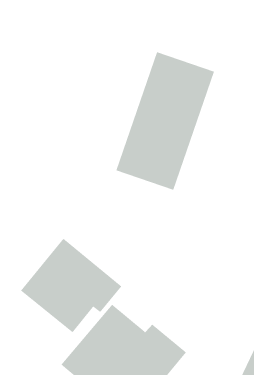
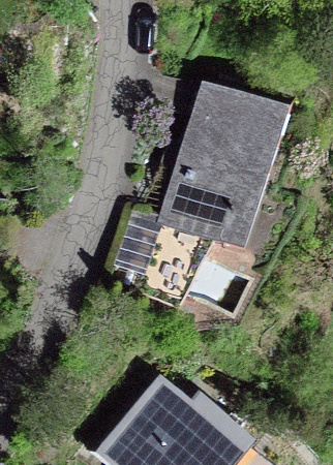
building: [20,238,122,333] -> none

